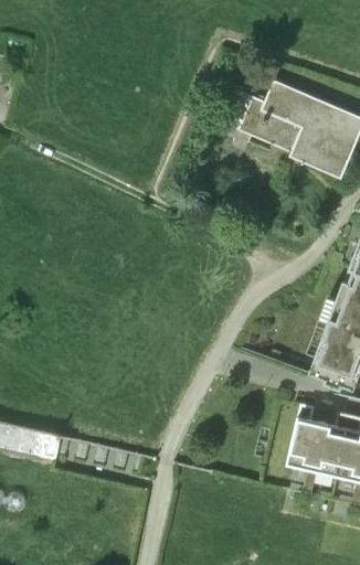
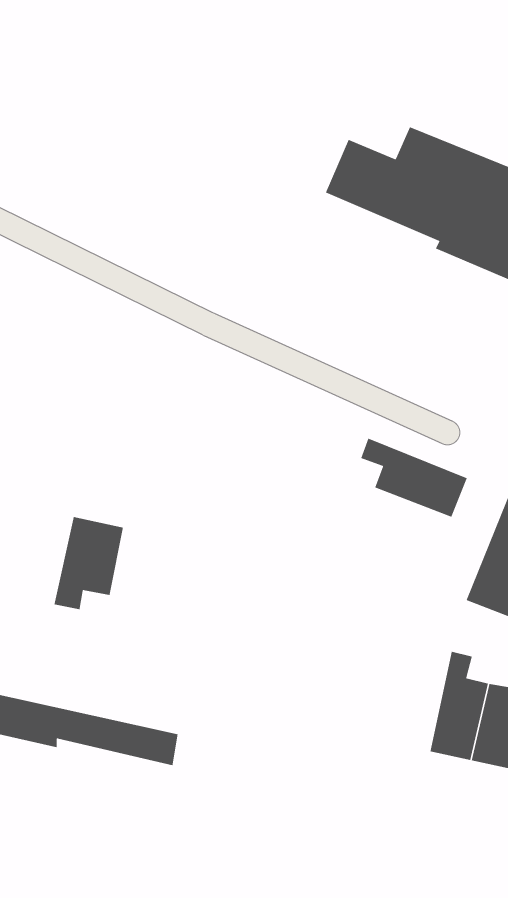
building: none -> [360,437,468,518]
building: none -> [53,516,124,610]

